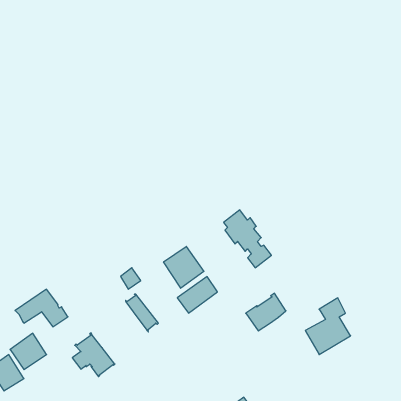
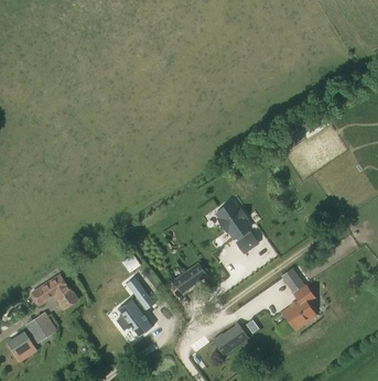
building: [164,246,204,288] -> none
building: [246,293,286,331] -> [213,323,248,356]
building: [72,333,115,377] -> [116,298,153,337]

